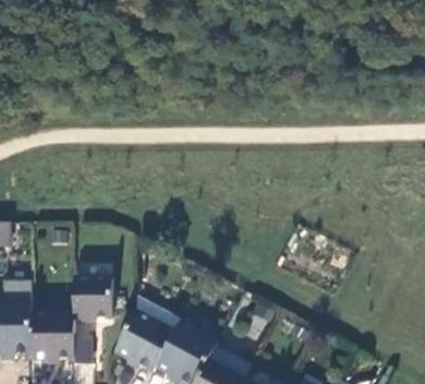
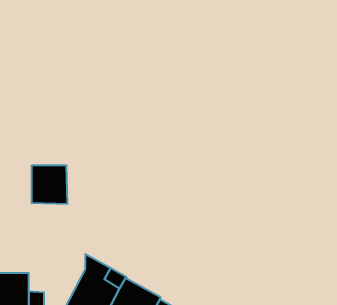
building: [74,279,113,321] -> [31,166,68,204]

